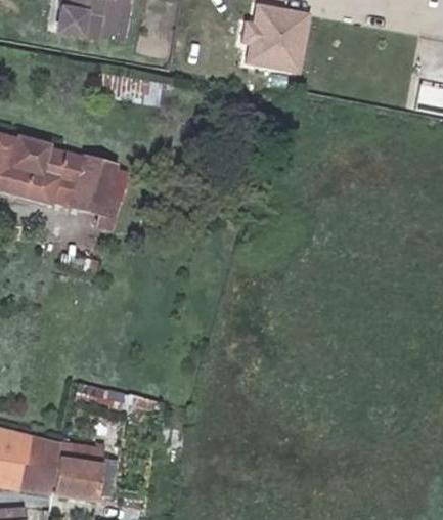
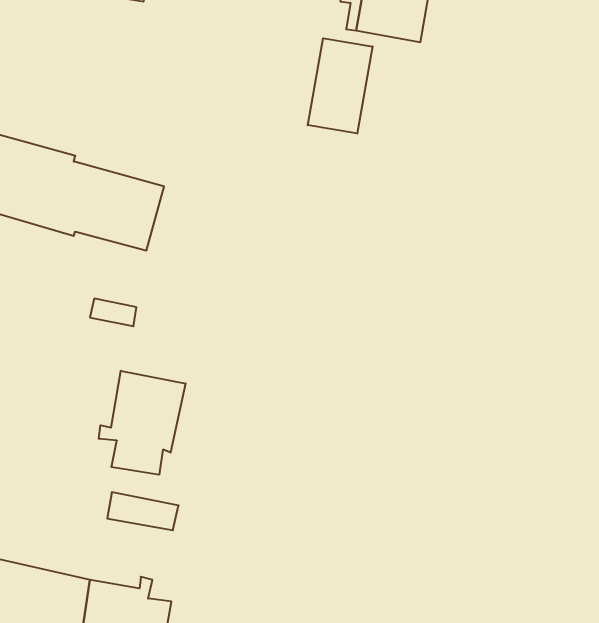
building: none -> [308,38,373,134]
building: none -> [99,371,186,475]

